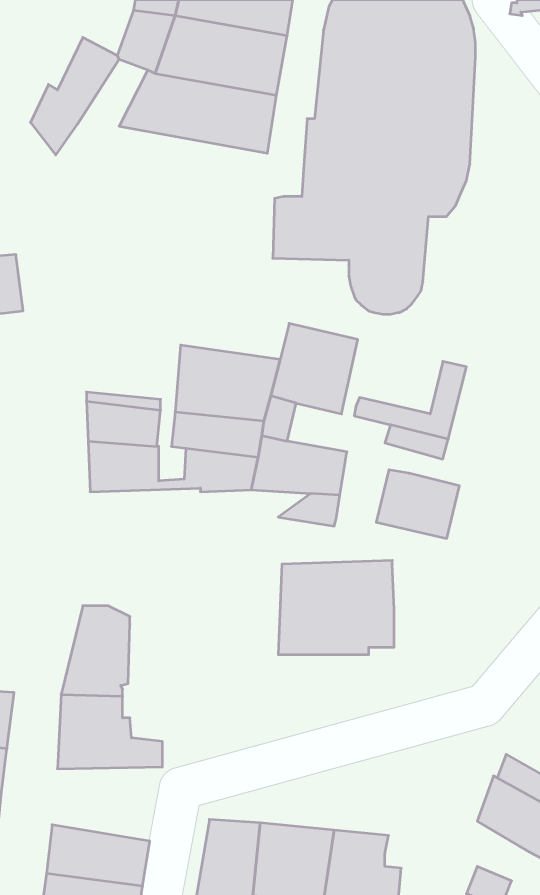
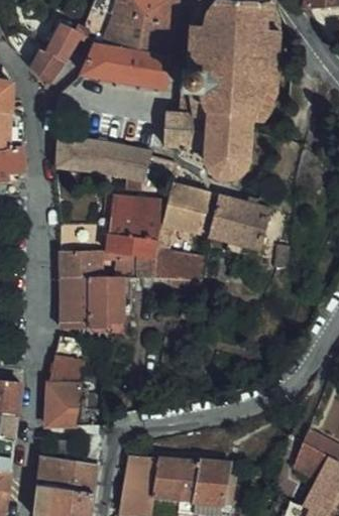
building: none -> [52,135,149,180]
building: [376,470,459,538] -> [213,195,259,233]
building: [278,560,394,655] -> [61,274,125,327]

